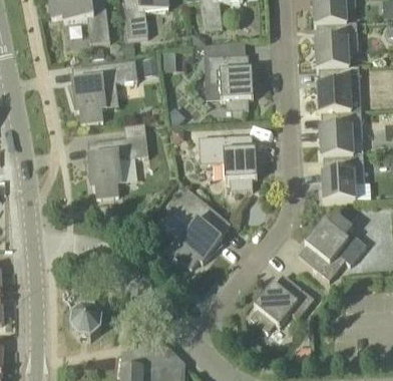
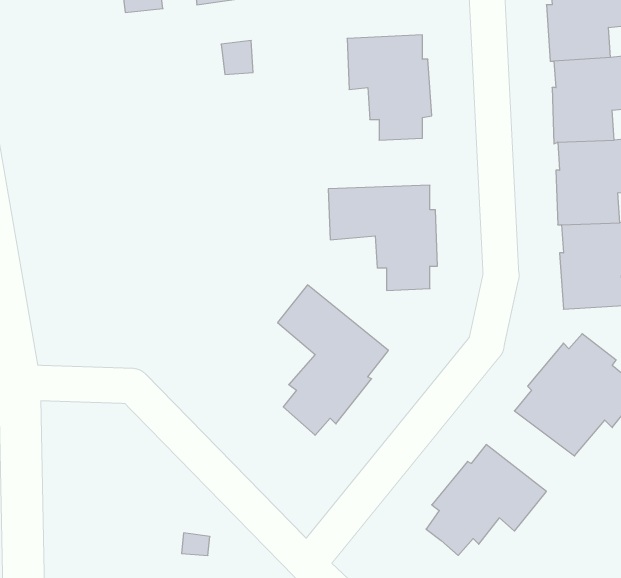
building: [71,60,137,122] -> none
building: [87,135,148,198] -> none
building: [69,306,102,338] -> none

